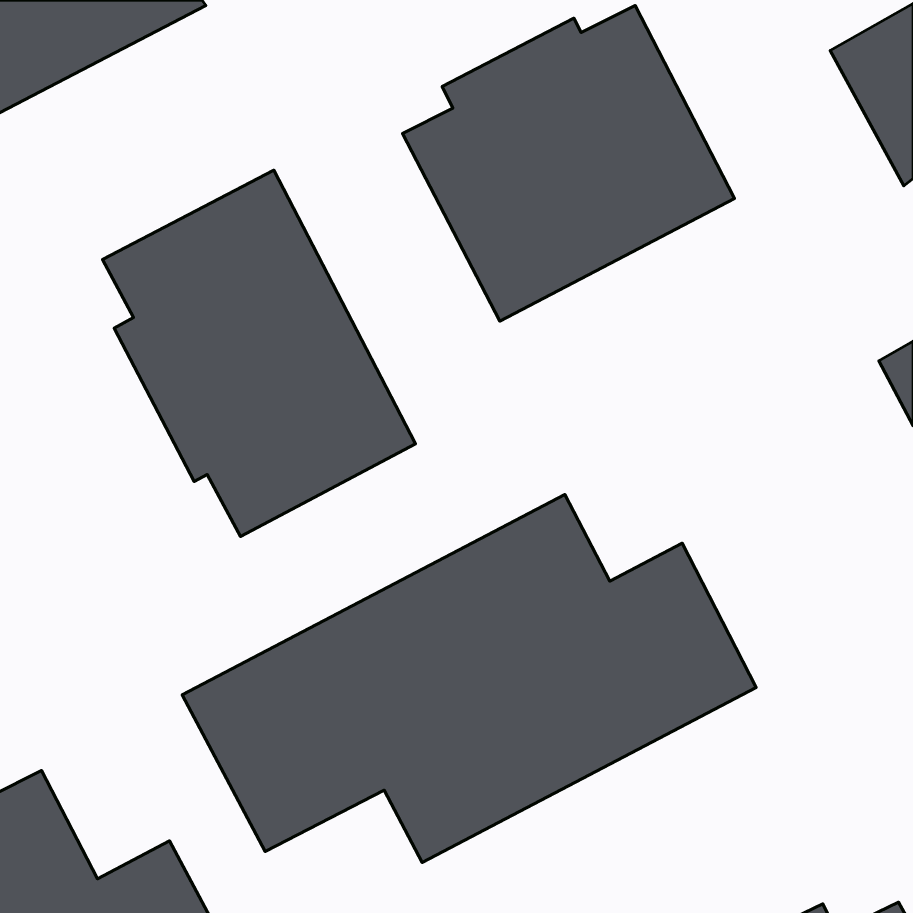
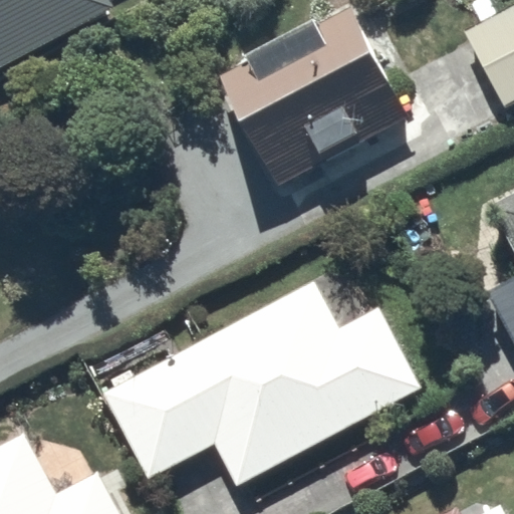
building: [103,170,416,537] -> none

